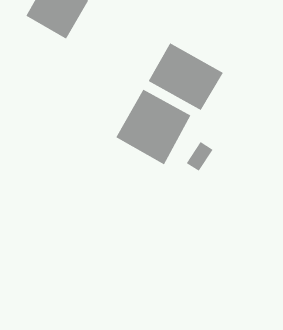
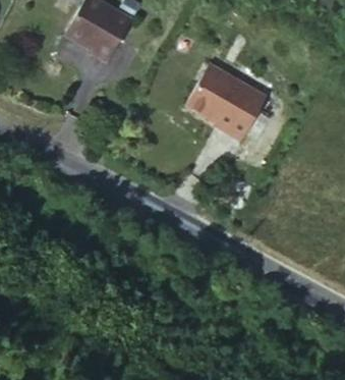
building: [115,89,191,165] -> none

